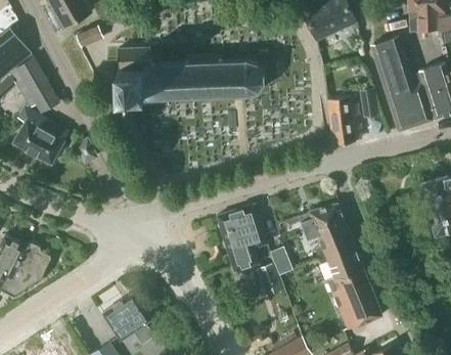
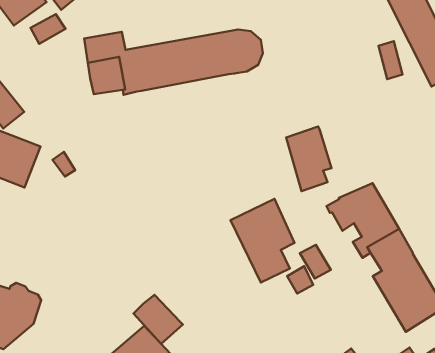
building: [326,95,360,146] -> [286,127,332,191]
building: none -> [134,295,183,344]

